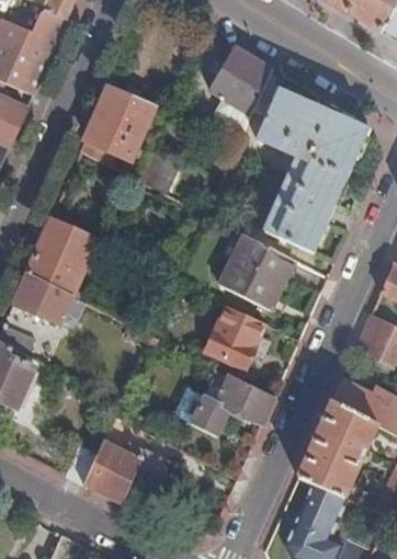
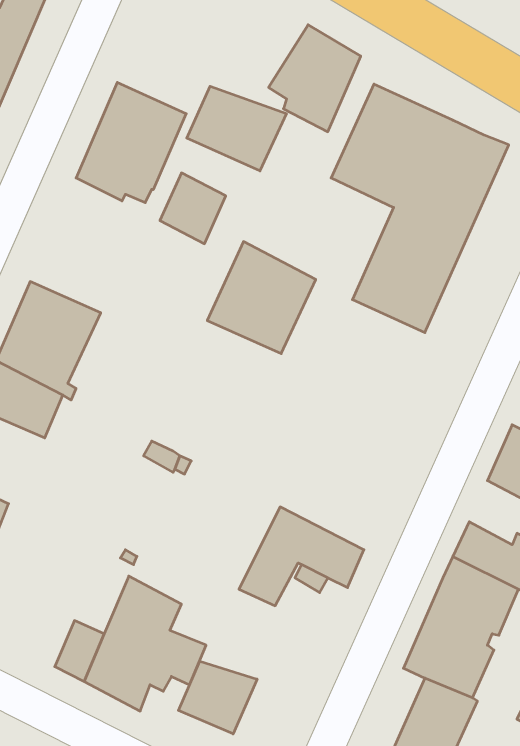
building: none -> [187,86,286,171]
building: [225,235,297,309] -> [207,242,316,354]
building: [205,305,269,365] -> none
building: none -> [178,661,257,734]

